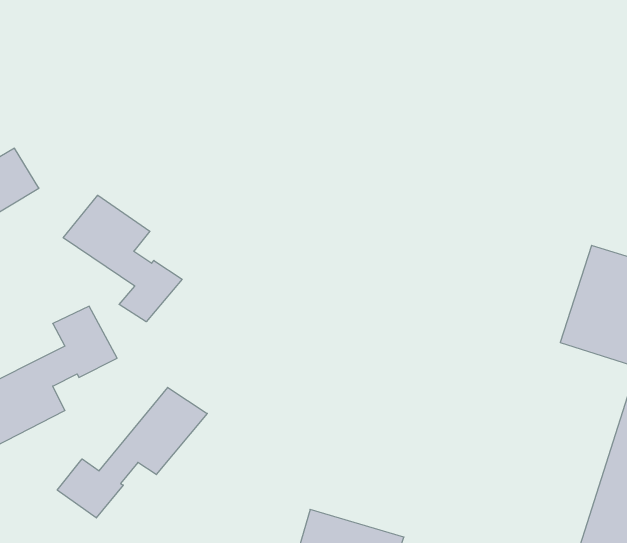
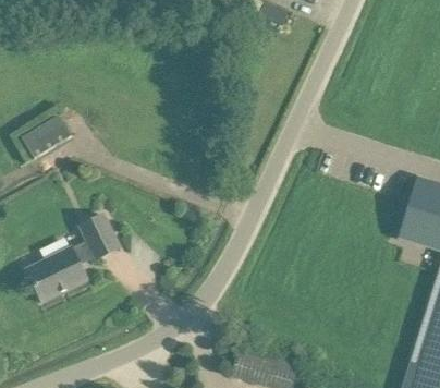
building: [63,195,182,322] -> none
building: [57,387,207,518] -> none

